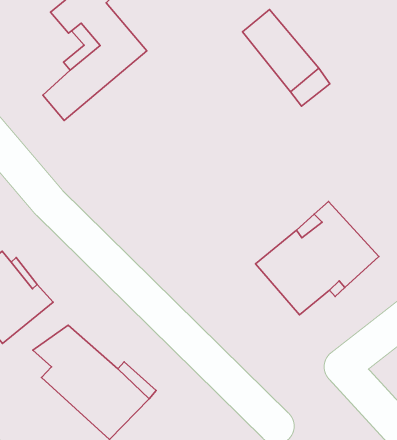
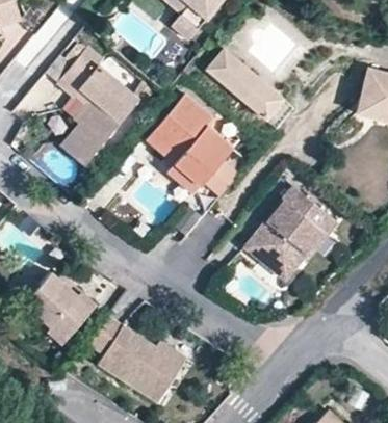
building: none -> [145,95,240,197]

